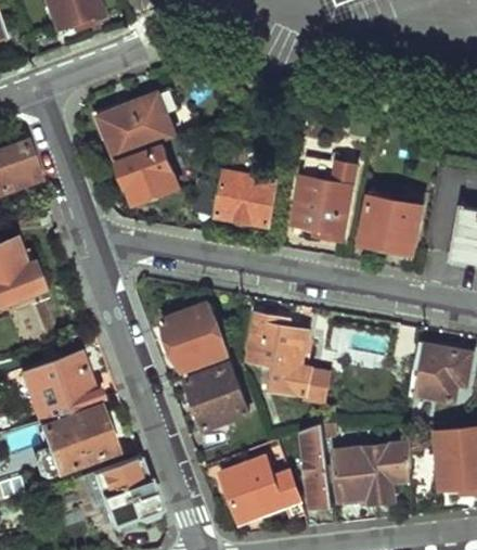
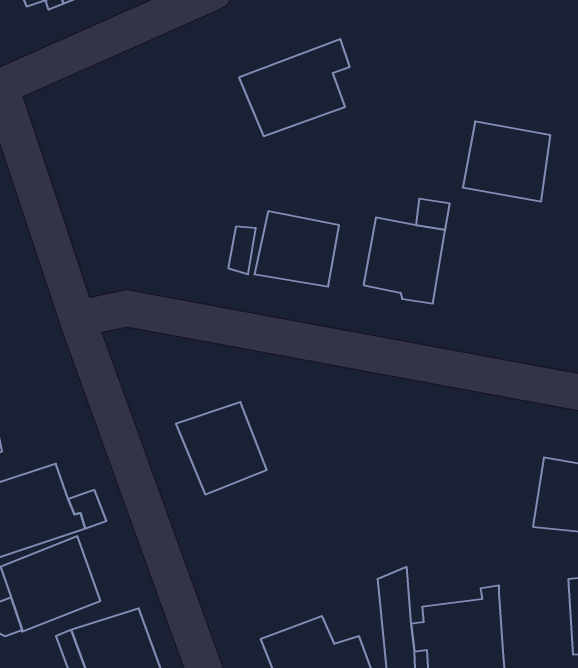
building: [101,90,179,158] -> [239,39,350,136]
building: [121,146,180,203] -> none
building: [361,195,423,252] -> [463,121,550,201]
building: [249,317,328,402] -> none
building: [189,368,247,430] -> none
building: [390,440,414,486] -> none

